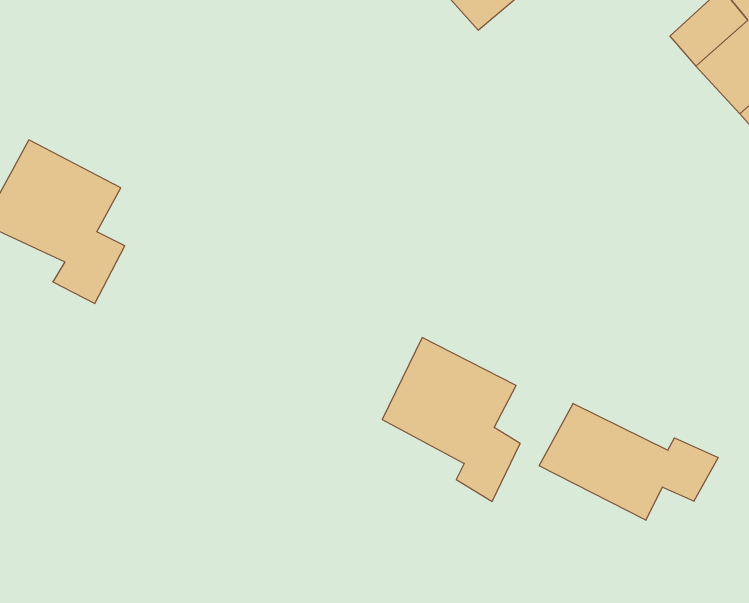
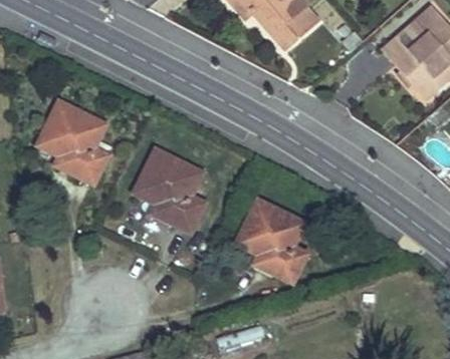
building: none -> [134,149,204,231]
building: [539,403,718,520] -> none

